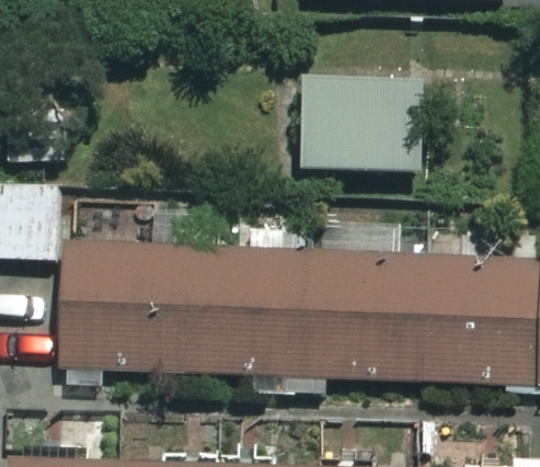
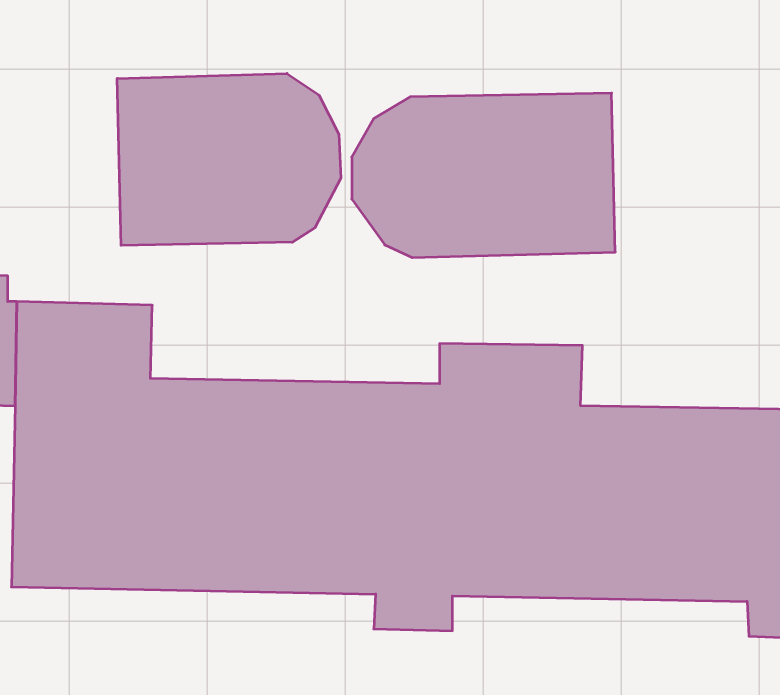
building: none -> [117,73,341,245]

